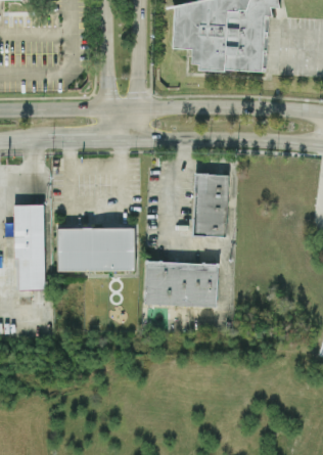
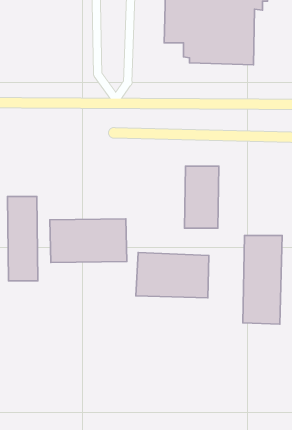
building: none -> [243,236,282,324]

